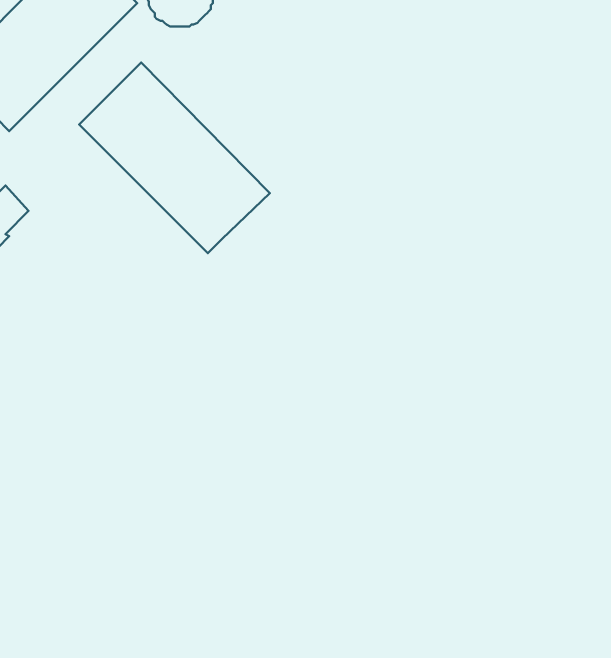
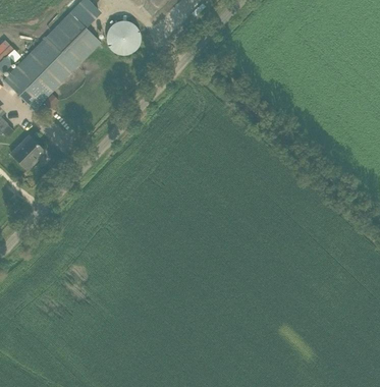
building: [79,63,270,253] -> none

